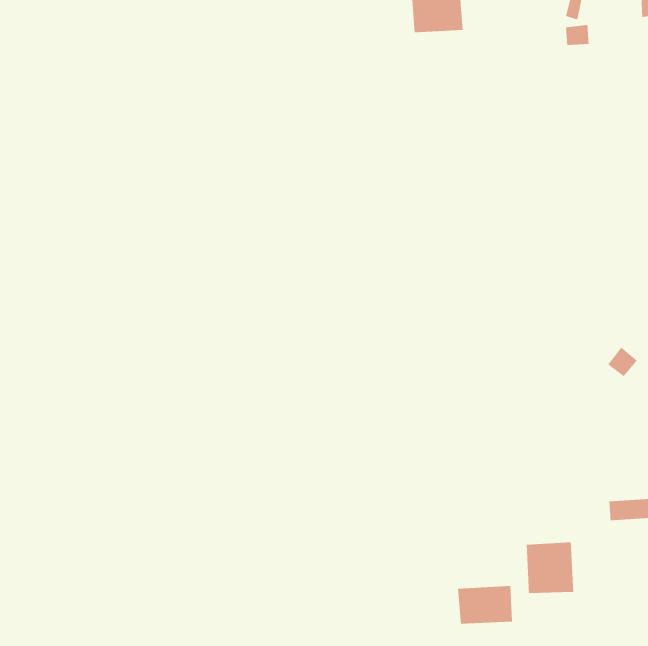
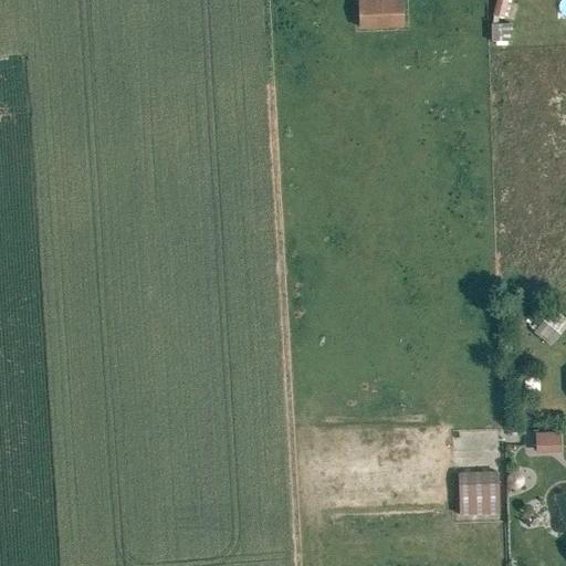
building: [457,585,513,625] -> none

